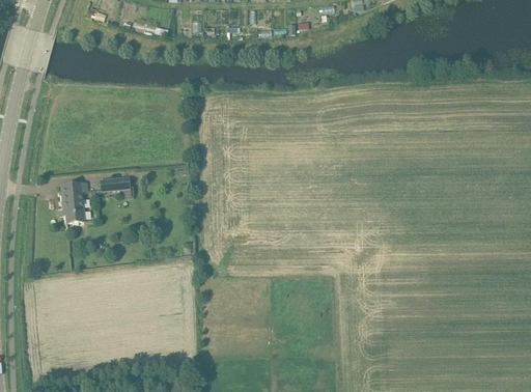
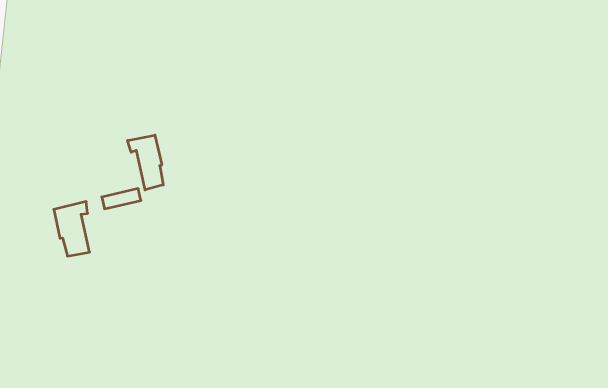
building: none -> [128,135,163,190]

